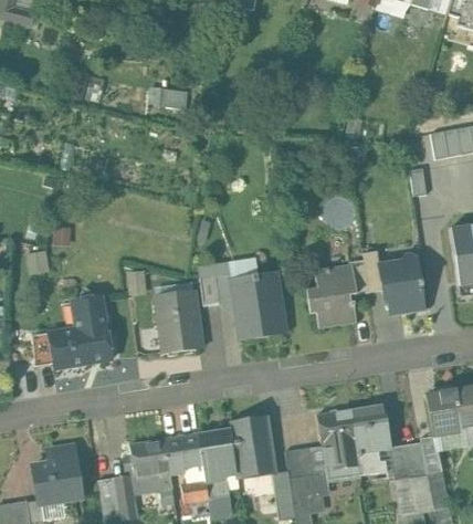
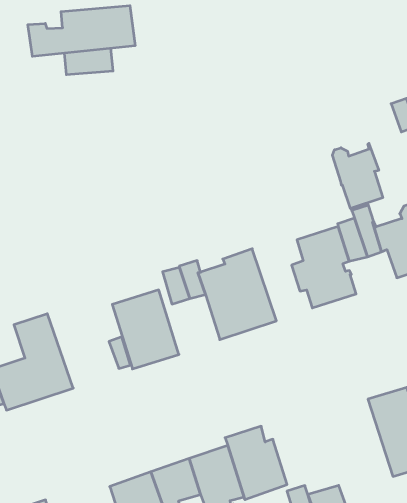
building: none -> [28,6,135,56]
building: none -> [332,143,383,209]
building: [317,408,361,479] -> none
building: [285,446,316,478] -> none

